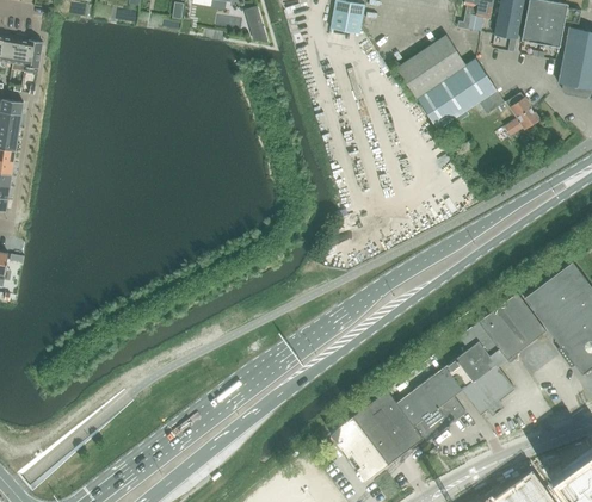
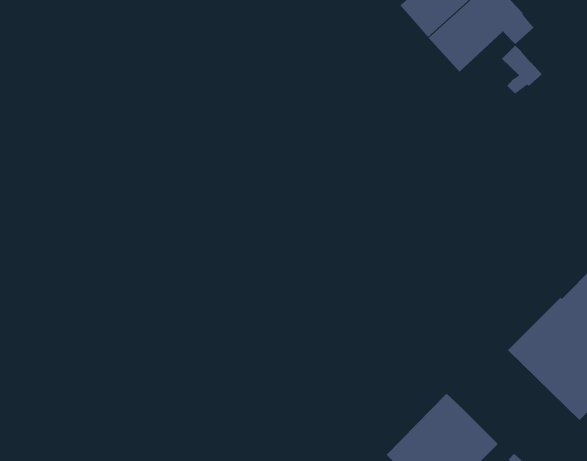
building: [506,92,538,132] -> [501,45,543,95]
building: [396,366,464,441] -> none

